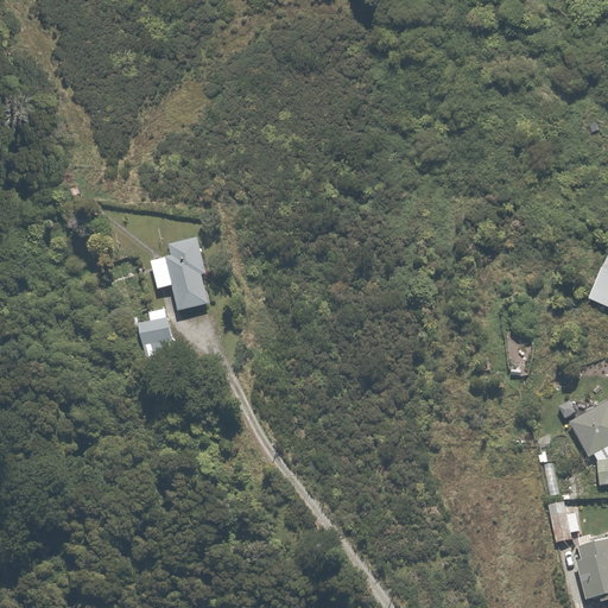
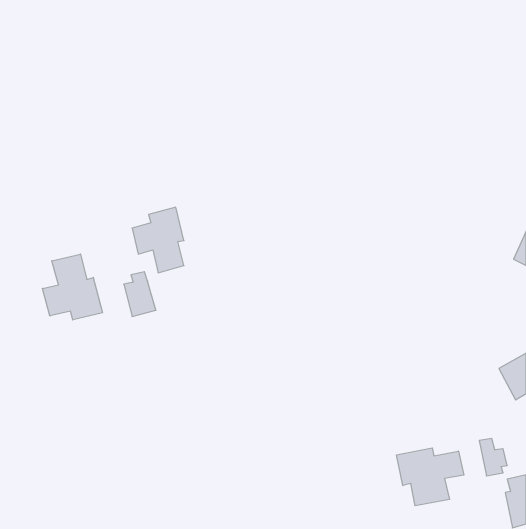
building: none -> [42,254,102,320]
building: none -> [397,448,464,506]

